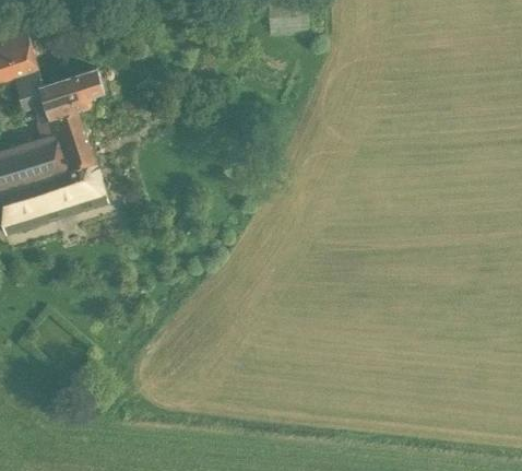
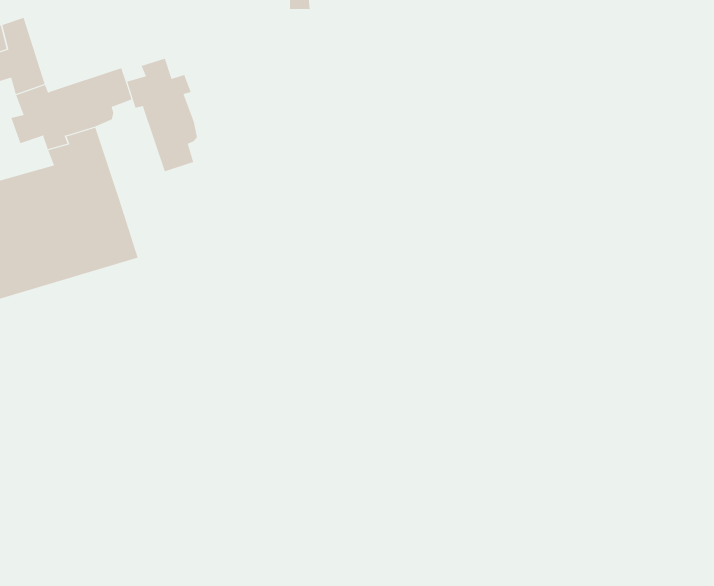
building: none -> [127,58,198,172]

